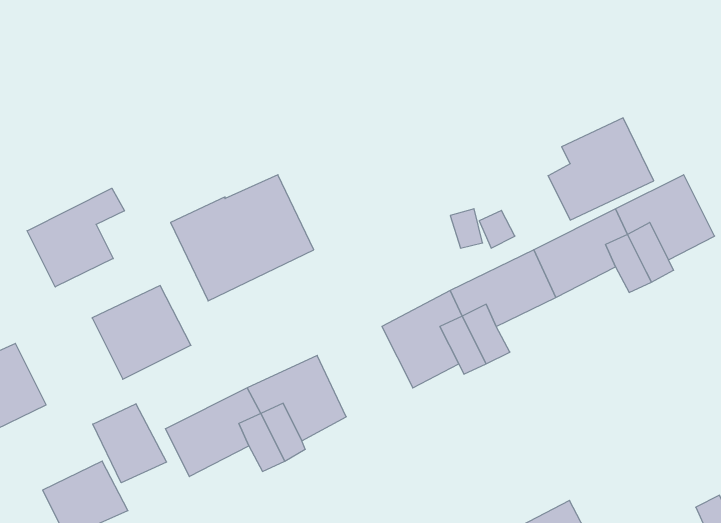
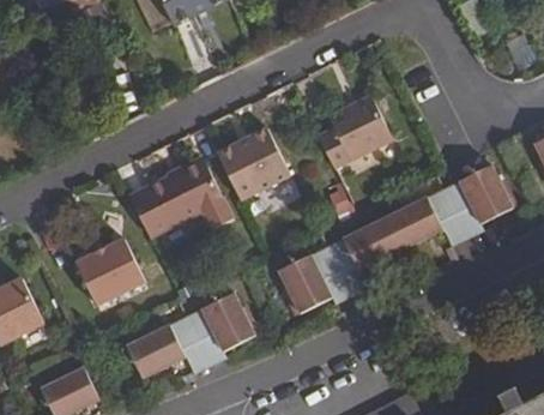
building: [548,118,654,220] -> [318,97,392,169]
building: none -> [217,128,289,199]
building: [27,188,124,287] -> none
building: [93,404,167,483] -> none

